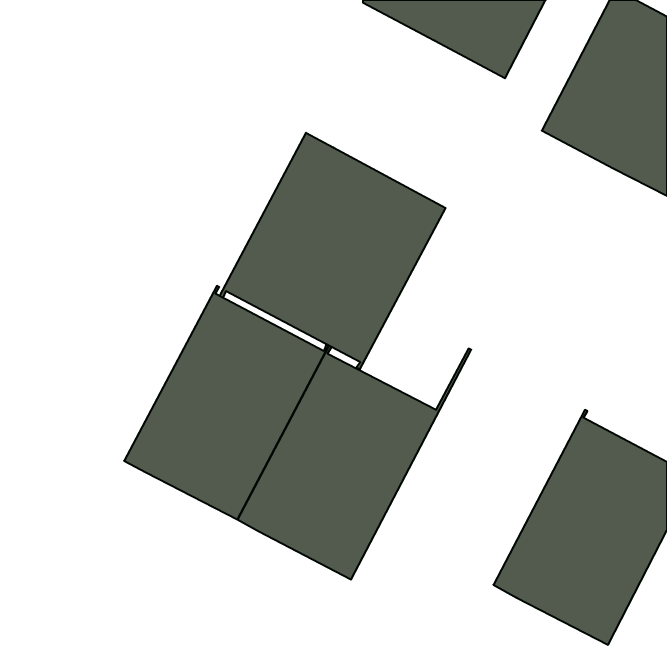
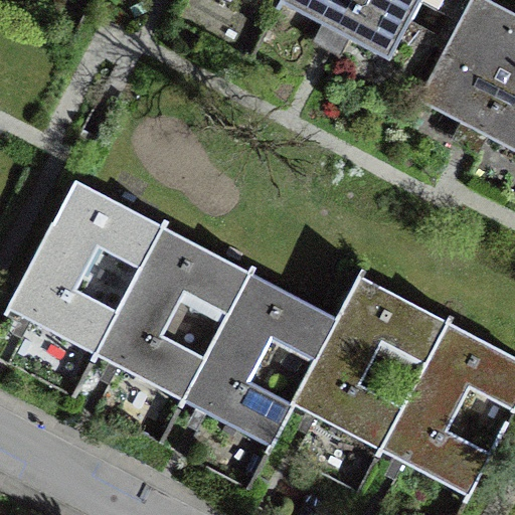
building: [220,133,446,369] -> none
building: none -> [7,173,167,355]
building: none -> [271,270,451,451]

